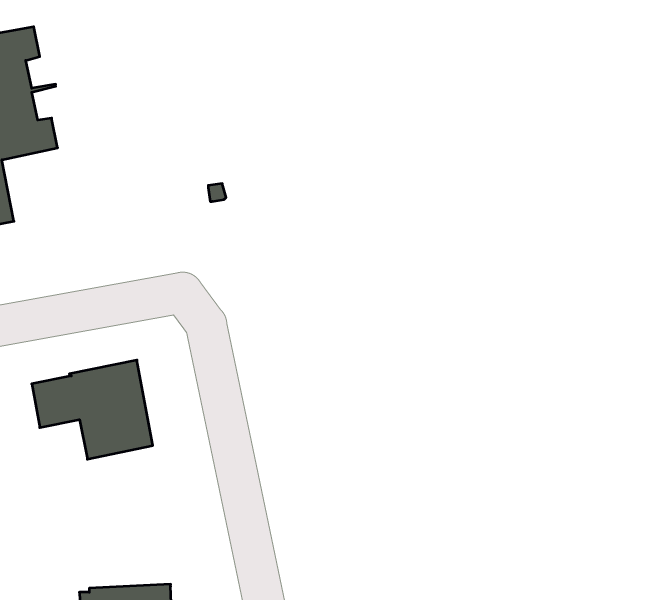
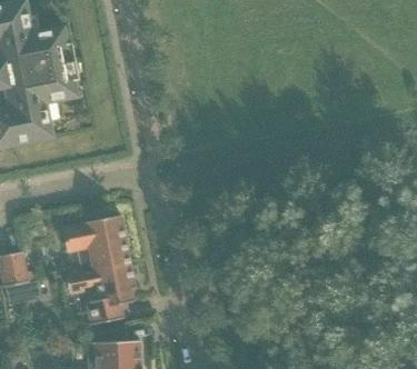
building: none -> [64,262,135,325]

